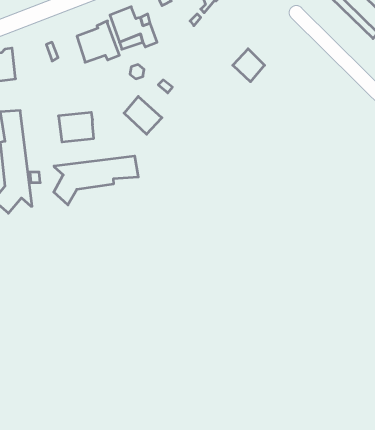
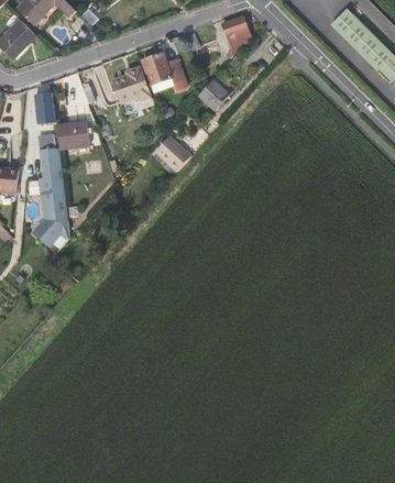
building: [233,49,265,82] -> [199,80,229,111]
building: [58,112,94,142] -> [56,122,89,150]
building: [54,156,138,205] -> none

